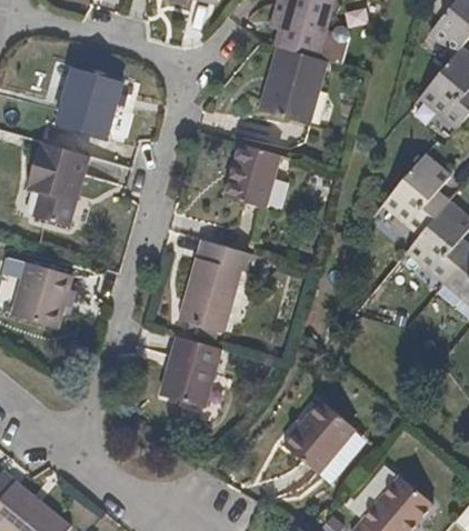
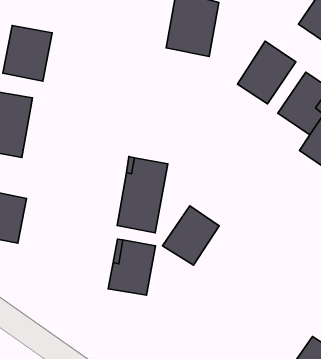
building: none -> [237,41,296,104]
building: [223,142,278,209] -> none
building: [283,402,355,474] -> [162,206,219,265]

